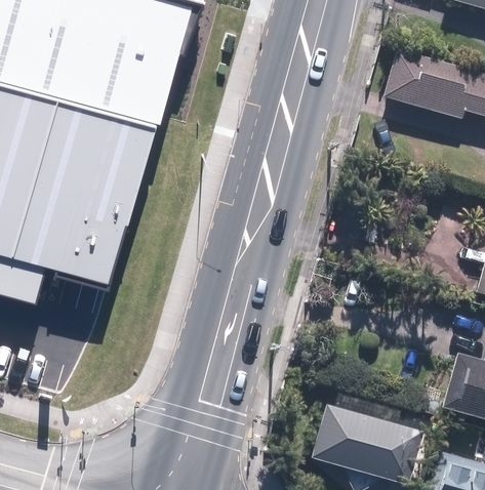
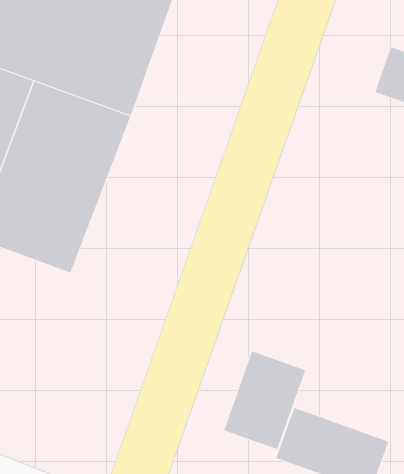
building: none -> [223,351,306,450]

